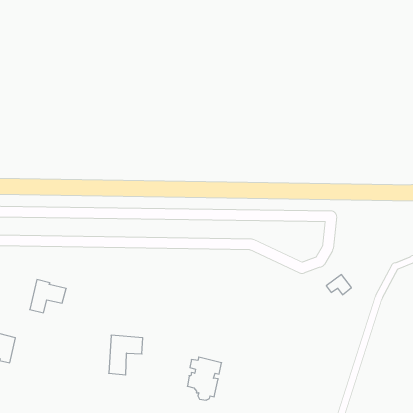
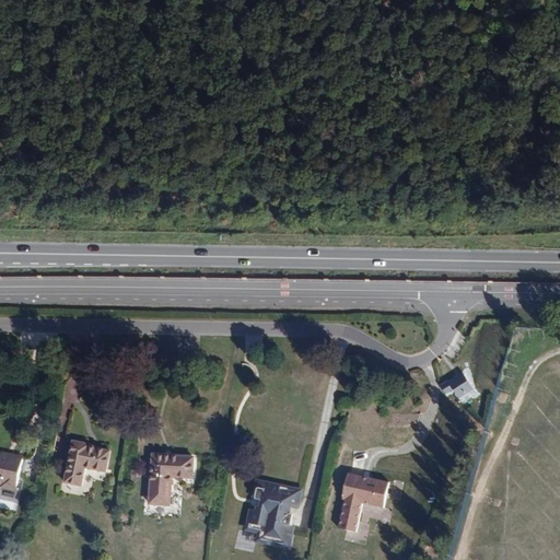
building: [30,280,66,313] -> [62,438,112,482]
building: none -> [337,474,387,533]

